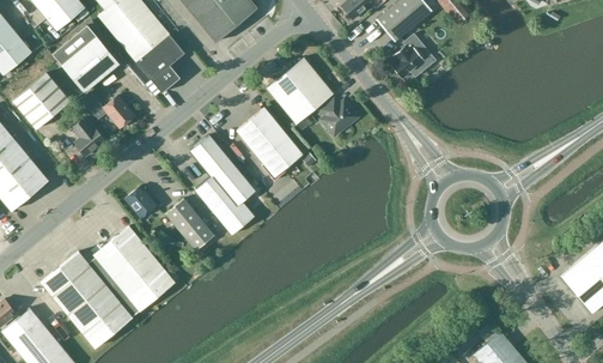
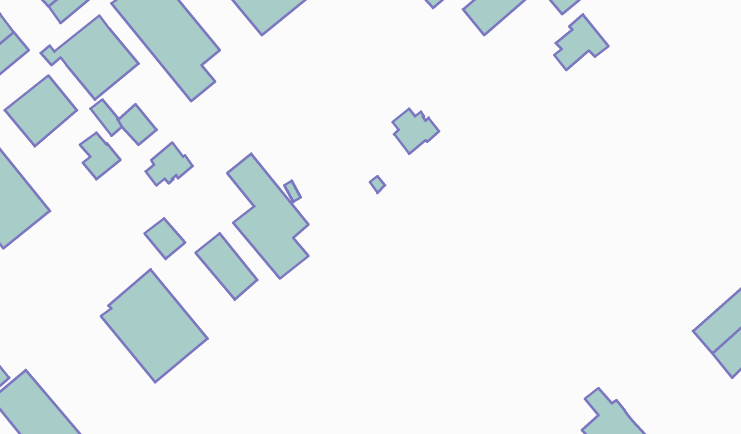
building: [391,35,434,79] -> [554,14,608,70]
building: [266,58,333,125] -> none
building: [236,108,302,181] -> none
building: none -> [146,143,193,185]
building: [41,252,132,347] -> none

